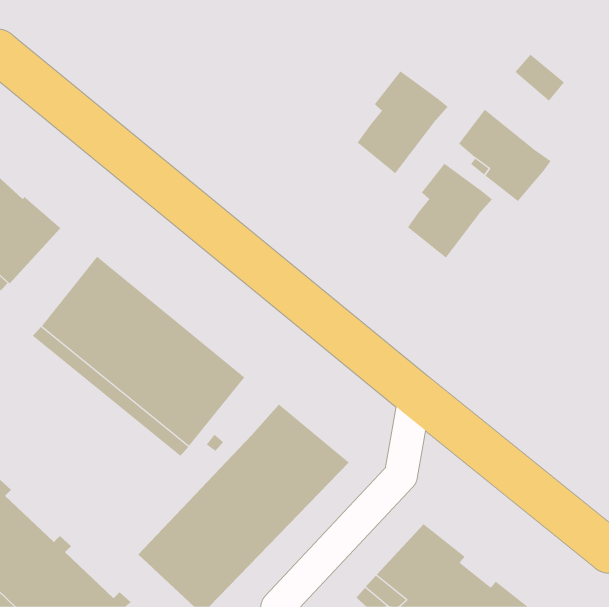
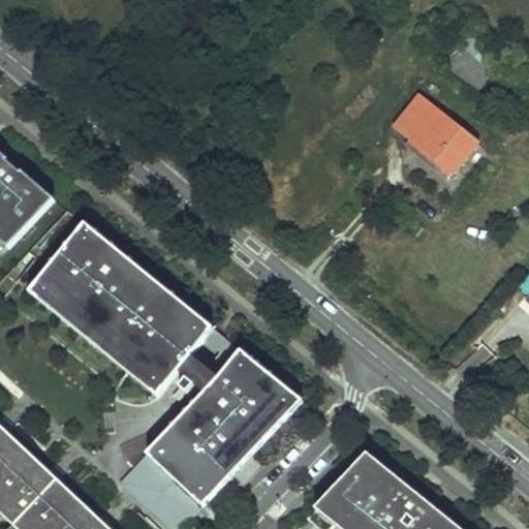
building: [357,70,448,174] -> none
building: [407,163,493,259] -> none

